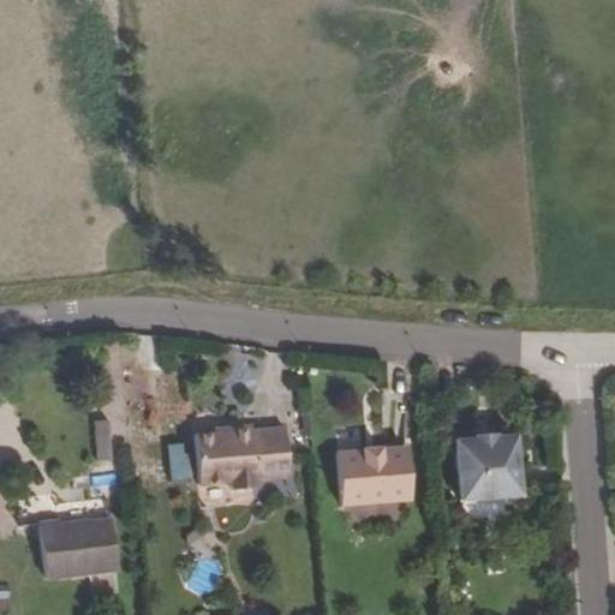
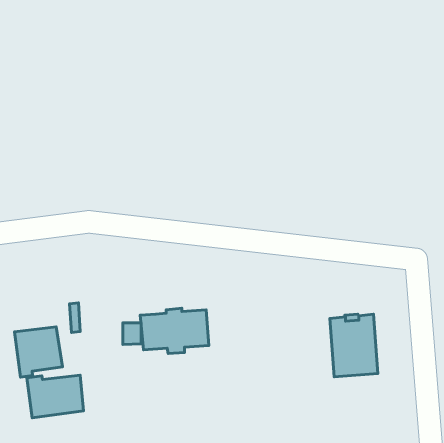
building: [339,444,413,504] -> none
building: none -> [15,327,62,377]

